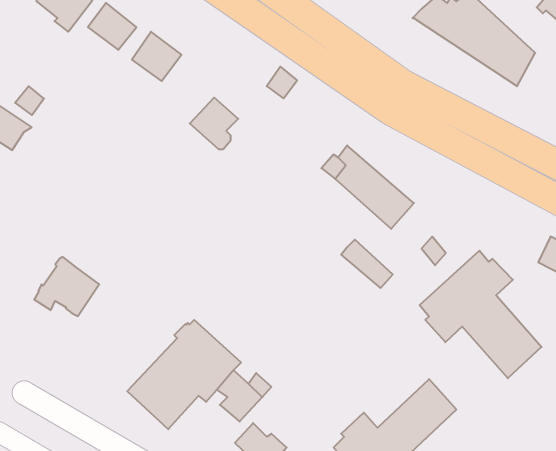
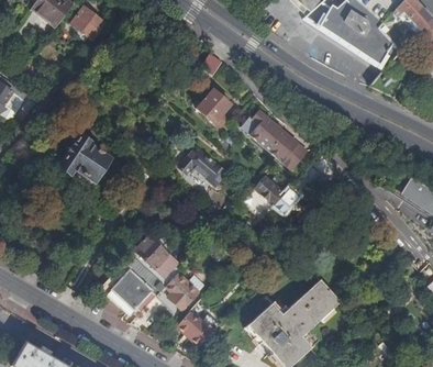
building: [132,32,181,81] -> none
building: [190,98,238,149] -> [196,89,231,126]
building: none -> [178,146,226,186]
building: [420,251,542,378] -> none
building: [34,257,99,316] -> [58,135,106,178]

